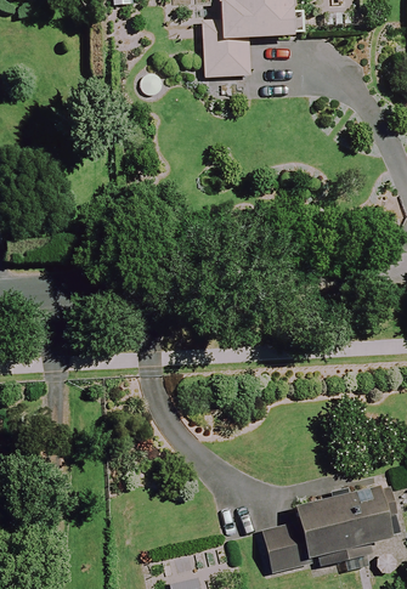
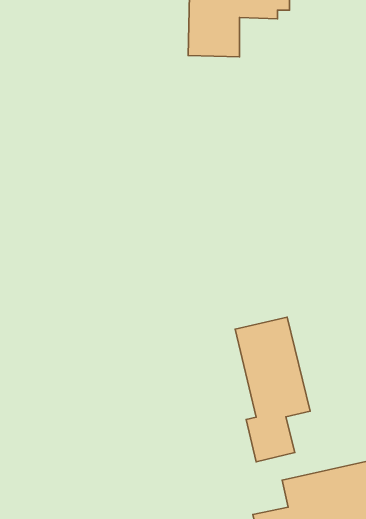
building: none -> [235,317,310,462]

